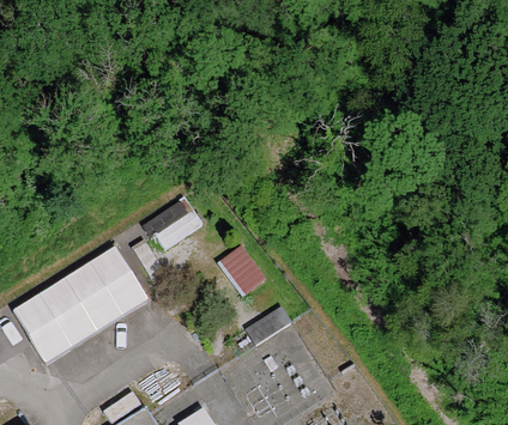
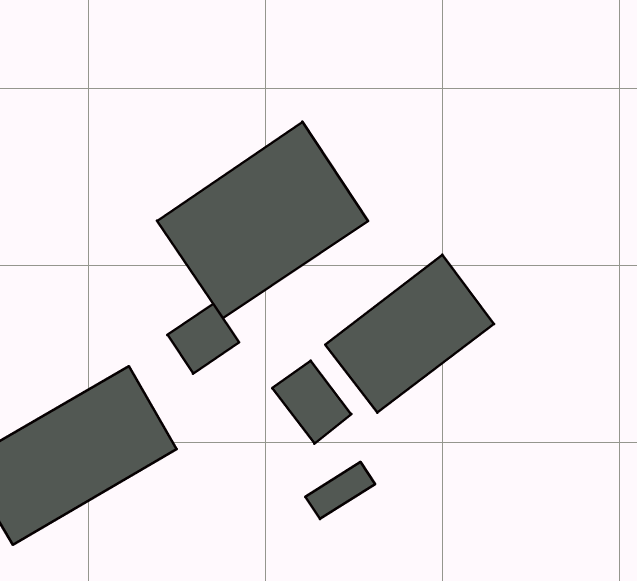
building: none -> [157,122,368,318]
building: none -> [325,255,494,413]

